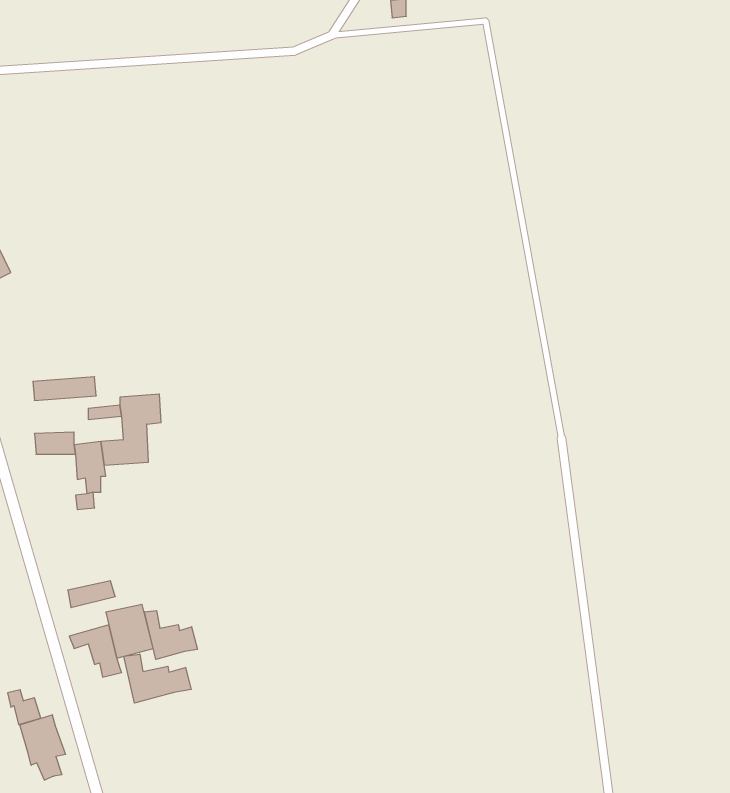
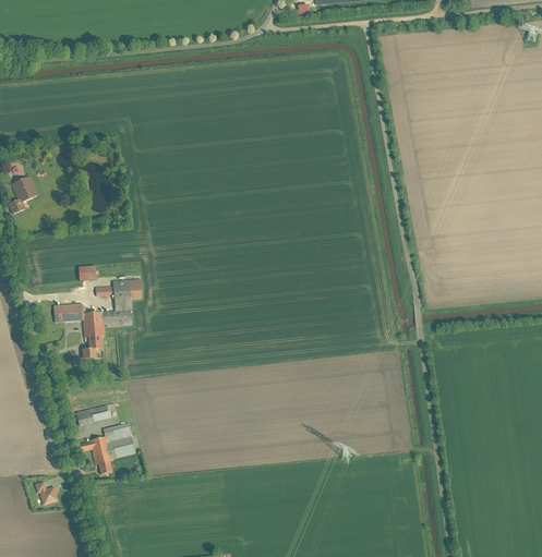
building: [145,611,197,659] -> none
building: [124,654,191,703] -> none
building: [20,715,66,780] -> none

